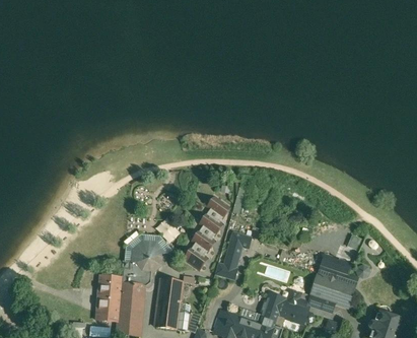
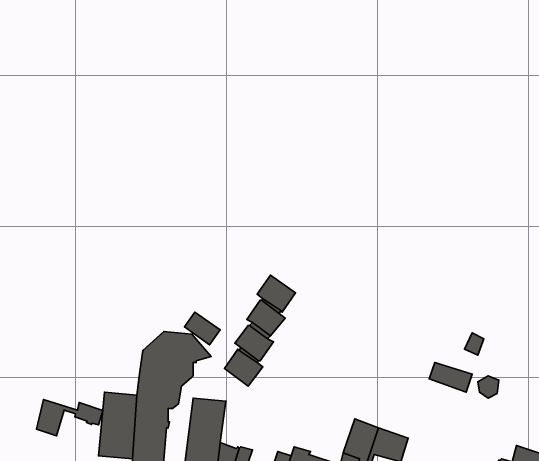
building: [214,231,250,279] -> none
building: [308,274,354,310] -> none
building: none -> [36,399,103,436]

